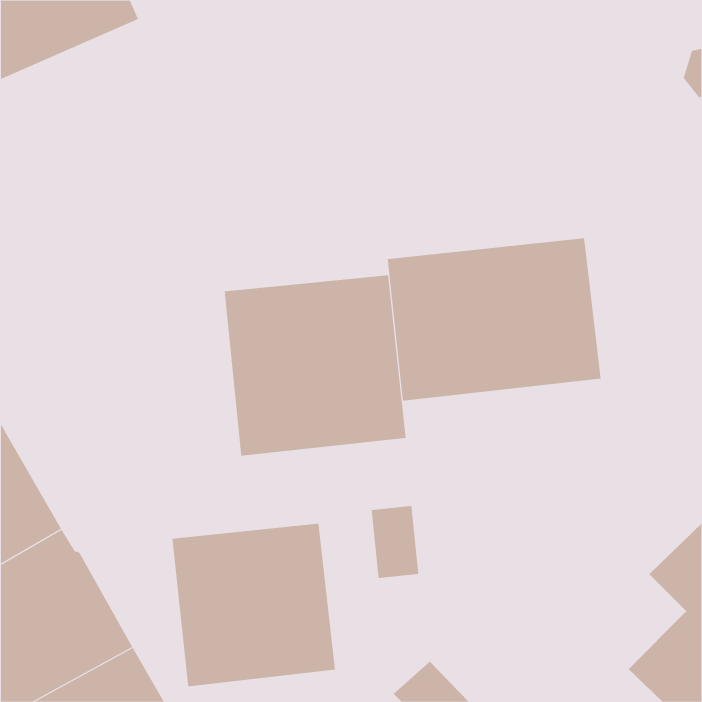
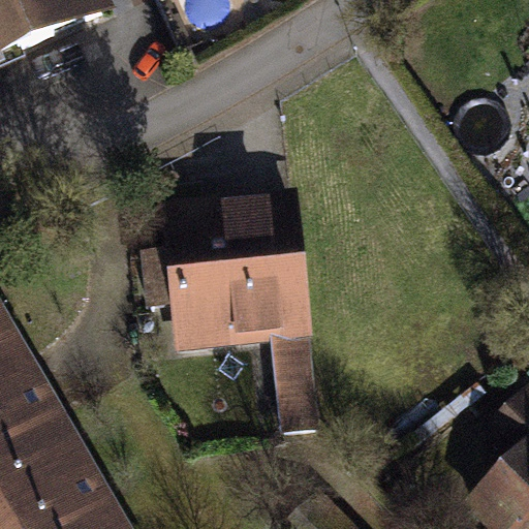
building: [387,238,601,402] -> none
building: [172,523,336,687] -> none

